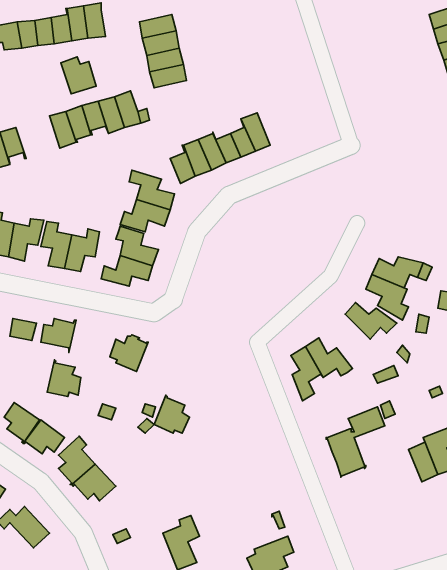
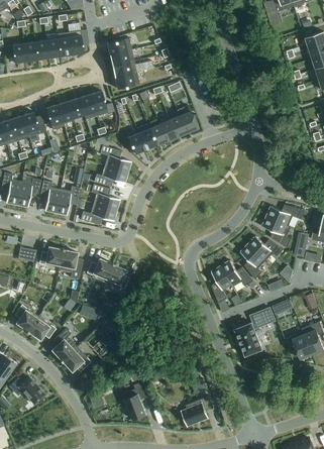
building: [61,57,96,94] -> [21,112,45,137]
building: none -> [239,244,264,279]
building: [47,360,81,397] -> [58,248,81,273]
building: [154,395,189,433] -> [104,263,128,290]

